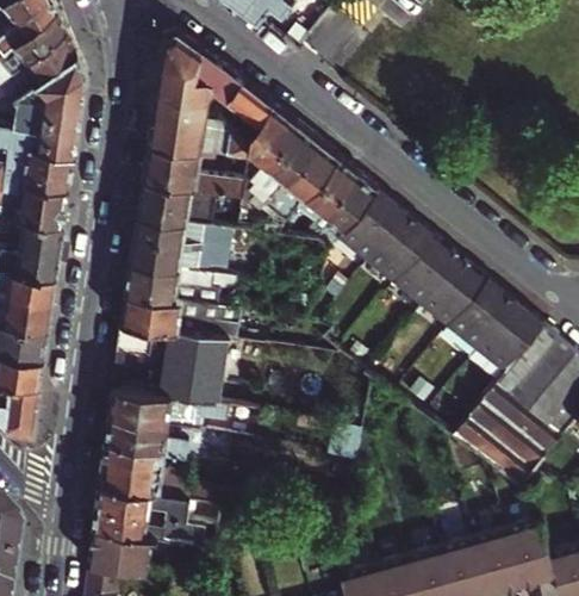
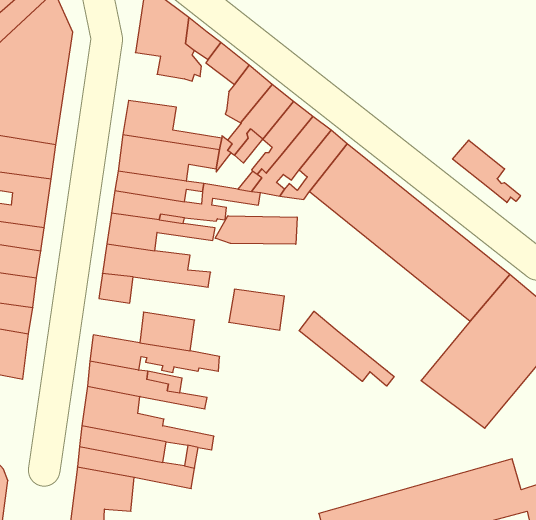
building: [147,95,251,160] -> none
building: none -> [453,140,520,203]
building: none -> [215,216,297,244]
building: [162,333,220,375] -> [229,289,284,330]
building: none -> [299,311,394,386]

